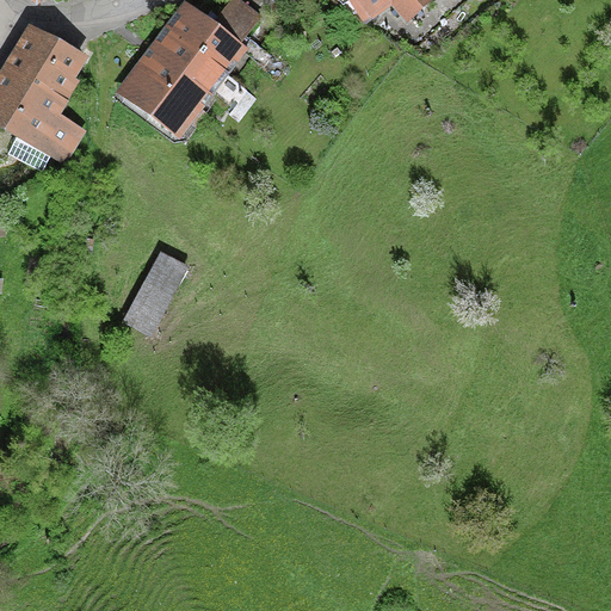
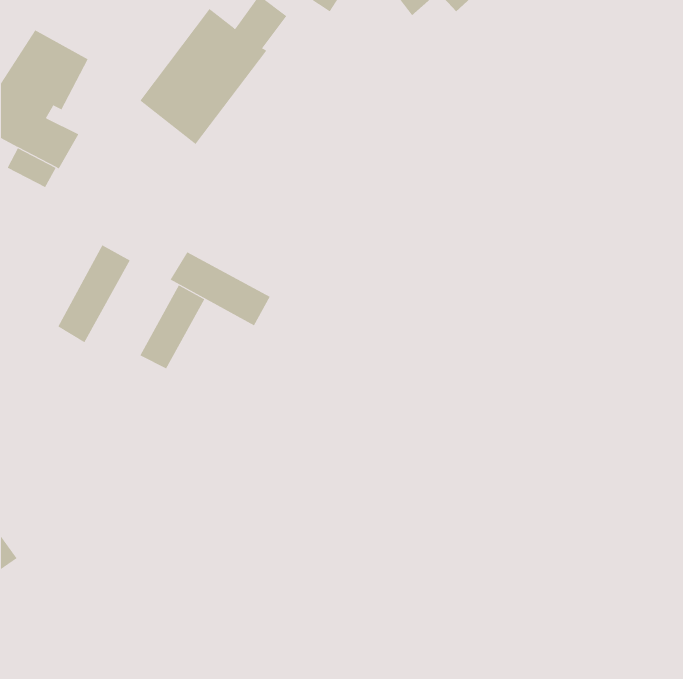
building: none -> [57,244,130,343]
building: none -> [170,251,270,326]

